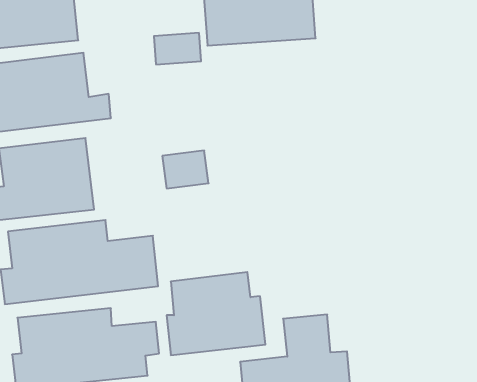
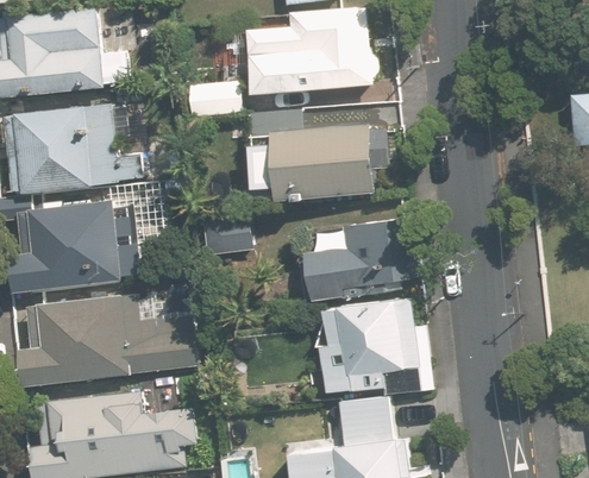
building: none -> [250,108,372,197]
building: none -> [303,219,415,301]
building: [167,272,265,355] -> [319,298,431,392]

